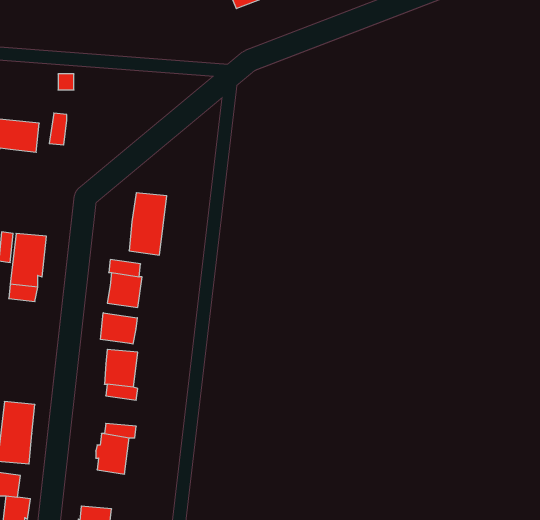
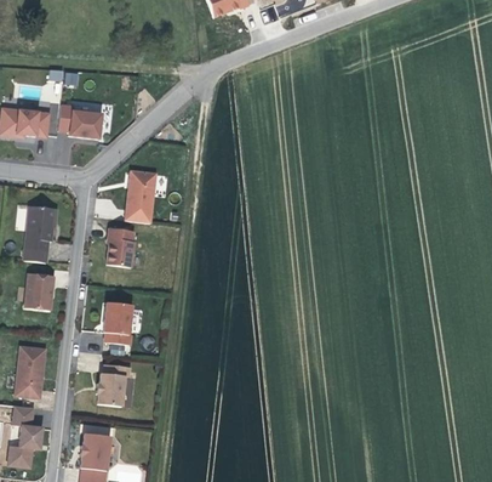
building: none -> [69,110,102,138]
building: [100,313,137,344] -> none
building: none -> [25,273,55,310]

